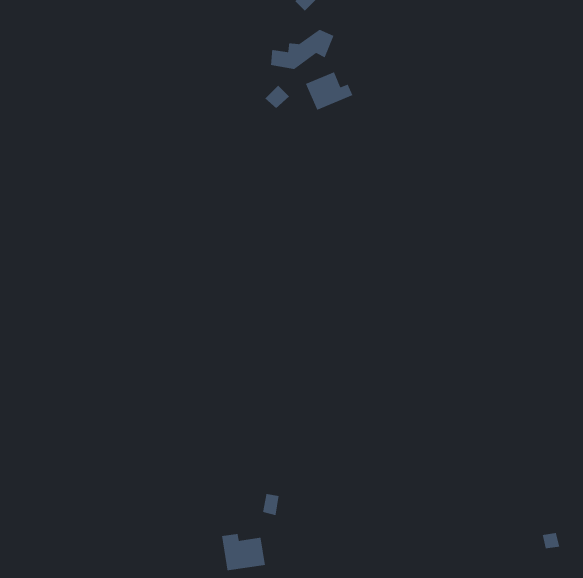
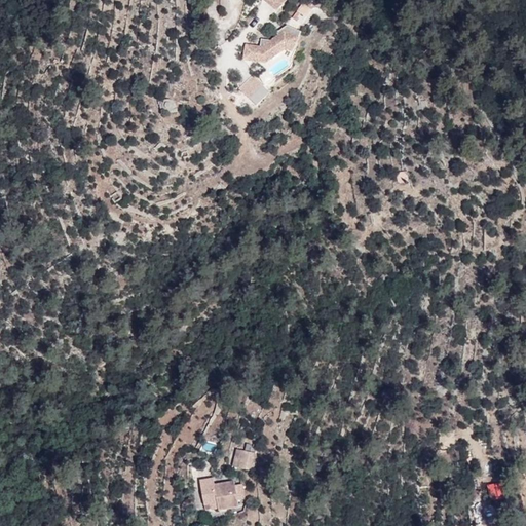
building: [305,71,353,111] -> none

